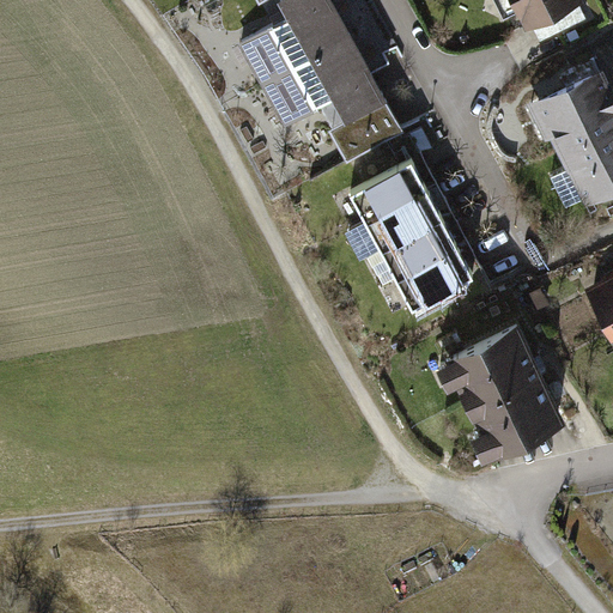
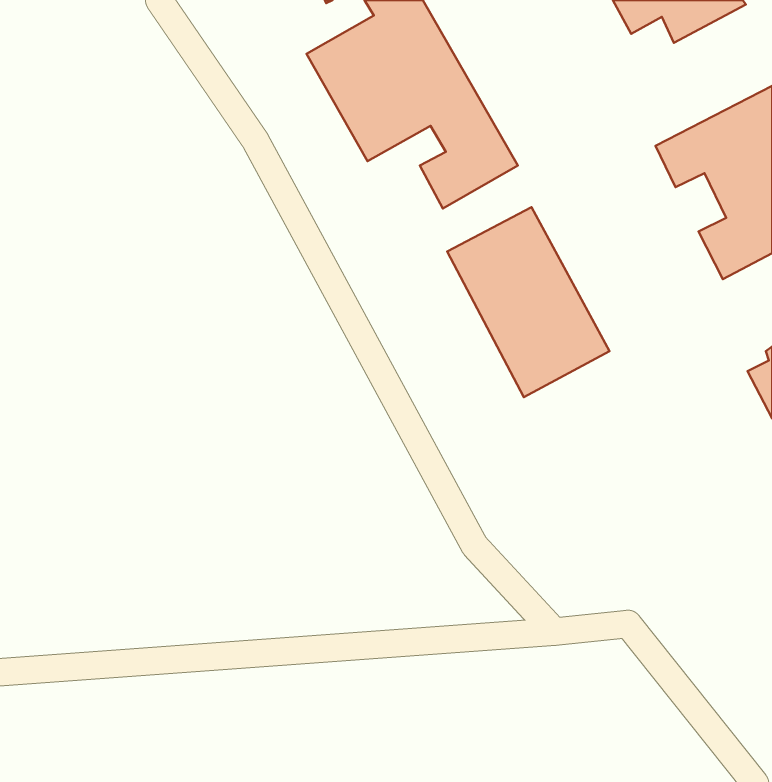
building: [433,323,565,459] -> none

